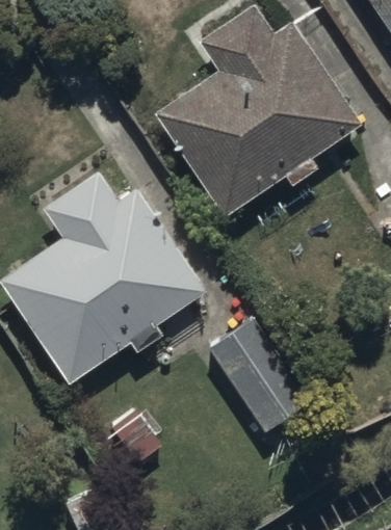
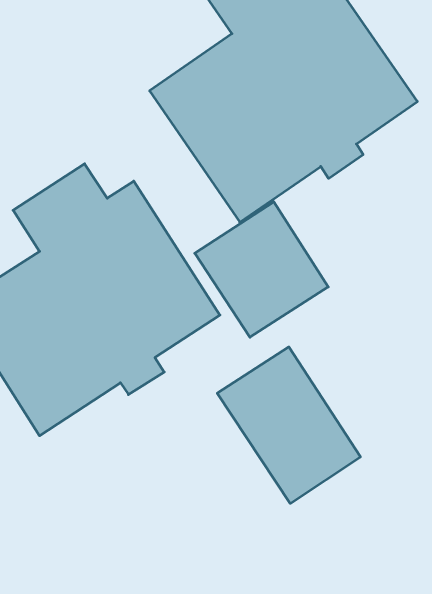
building: none -> [195,202,328,337]

